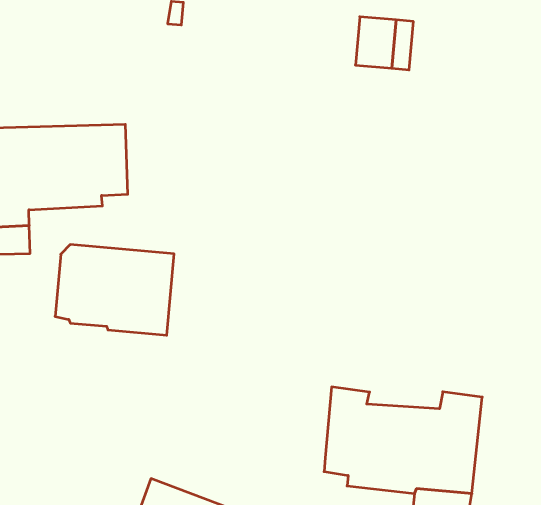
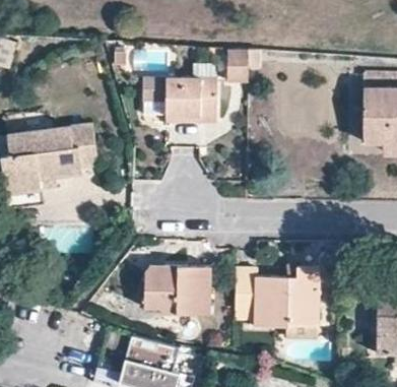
building: none -> [143,79,218,124]
building: [55,245,174,335] -> [143,265,209,313]

